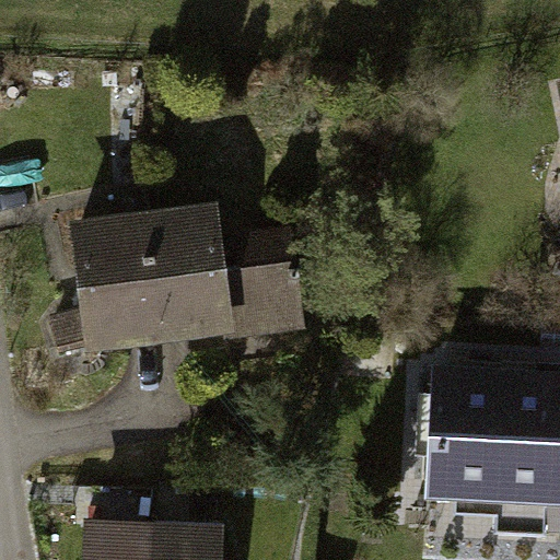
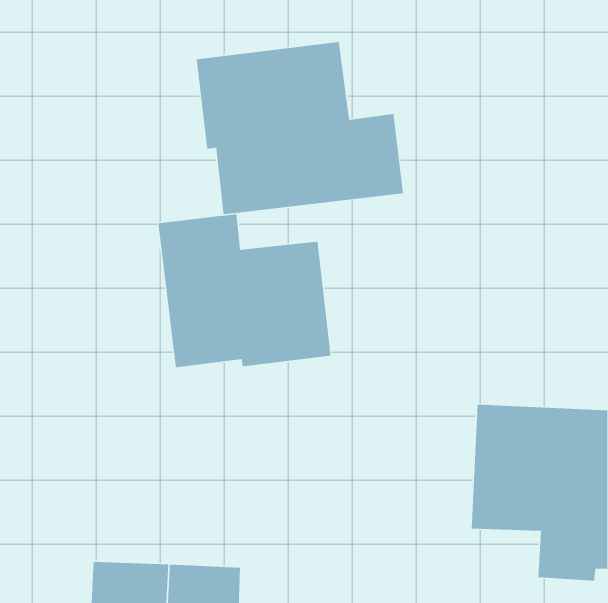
building: none -> [196,41,404,215]
building: [50,210,161,358] -> none

